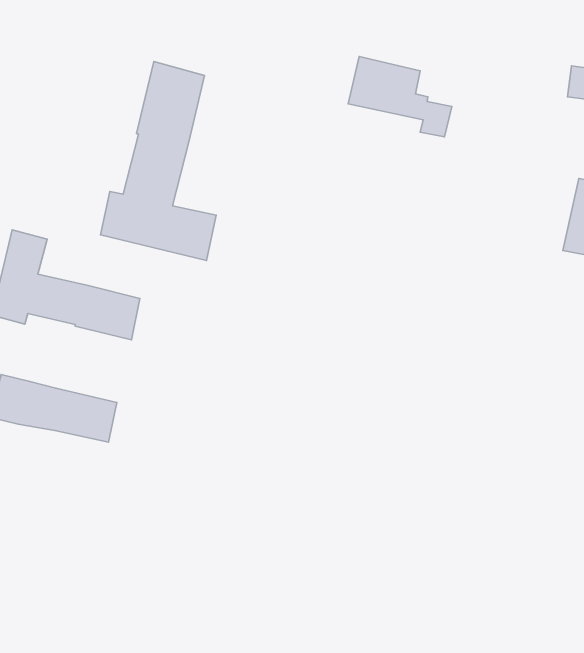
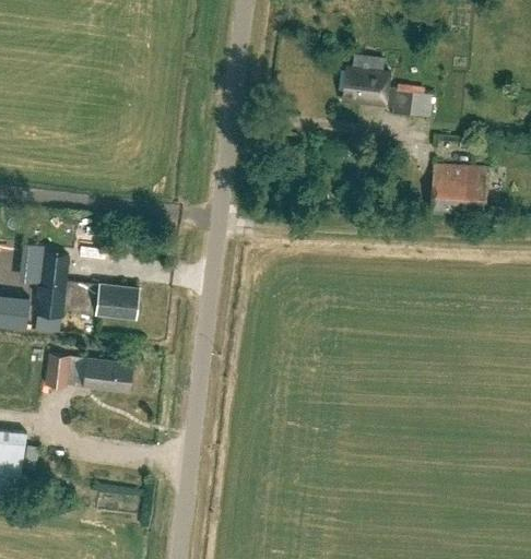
building: [348,56,452,137] -> [340,69,412,117]
building: [101,61,216,260] -> none

